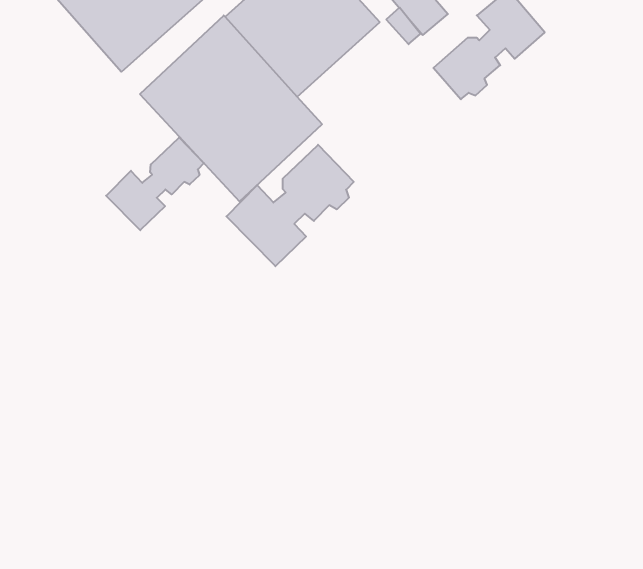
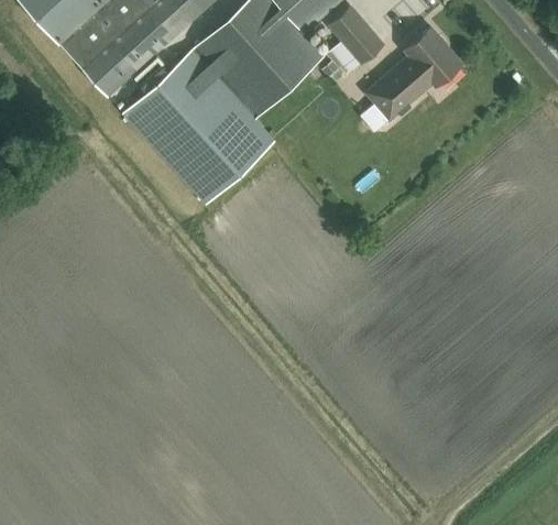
building: [106,137,204,230] -> none
building: [226,145,354,266] -> none

